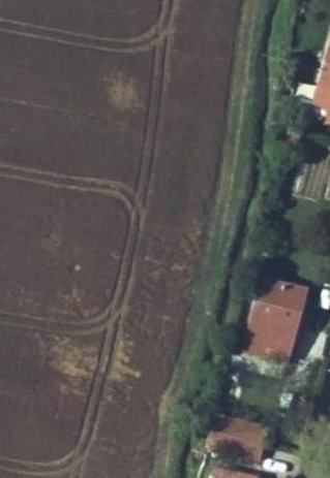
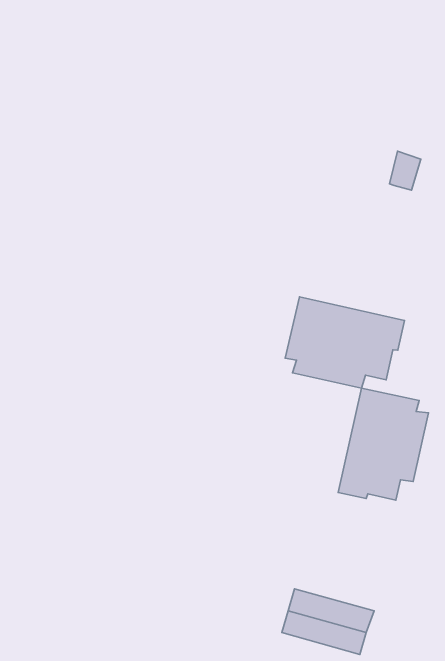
building: none -> [285,297,405,388]

